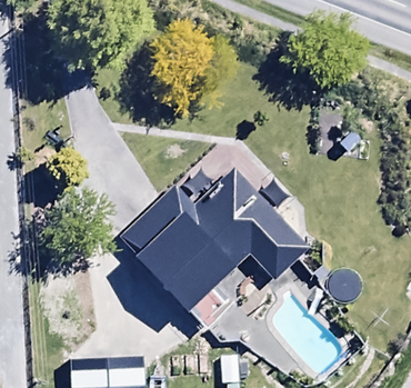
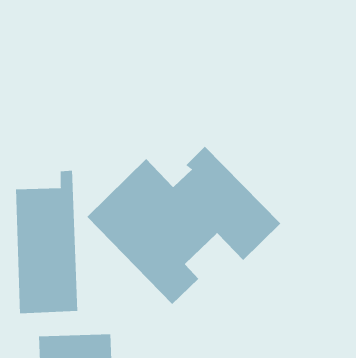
building: none -> [15,170,78,314]

